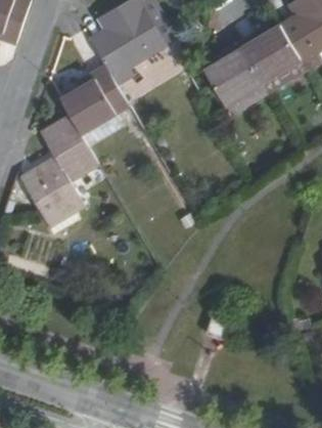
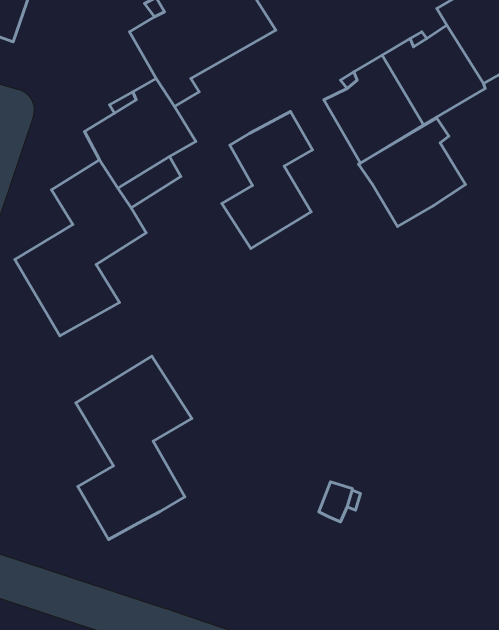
building: none -> [222,111,313,249]
building: none -> [358,118,466,226]
building: none -> [76,356,192,540]

